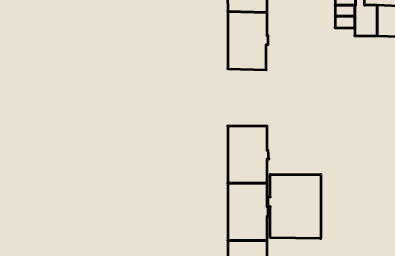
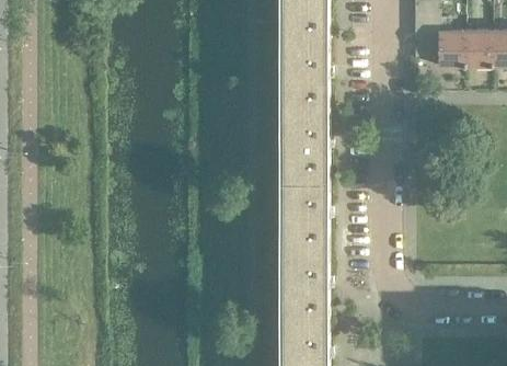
building: none -> [279,106,329,176]
building: [268,174,321,239] -> none

